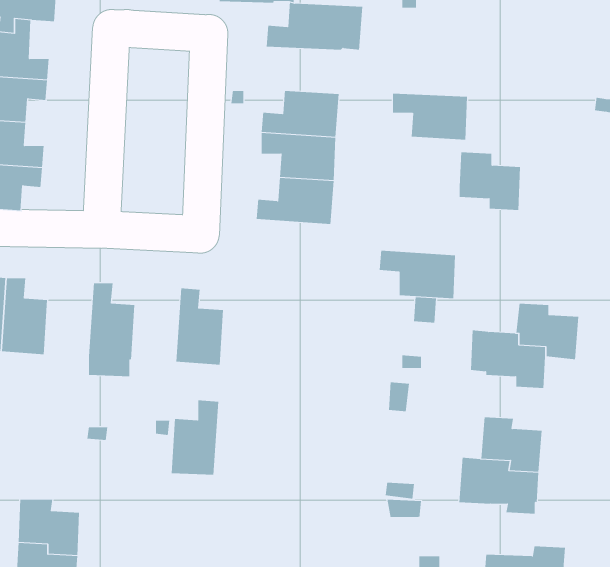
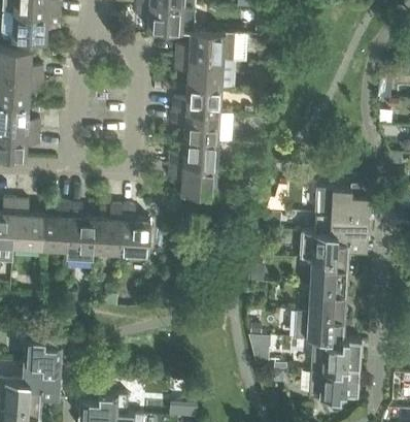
building: [392,93,468,140] -> [175,60,221,89]
building: [459,152,521,210] -> [331,190,369,226]
building: [379,250,456,299] -> [168,166,215,196]
building: none -> [39,204,69,251]
building: none -> [309,262,346,296]
building: [171,400,219,475] -> [93,207,123,254]
building: none -> [310,340,361,374]

